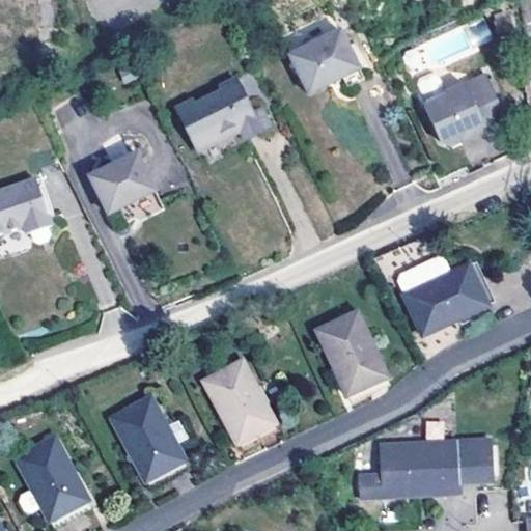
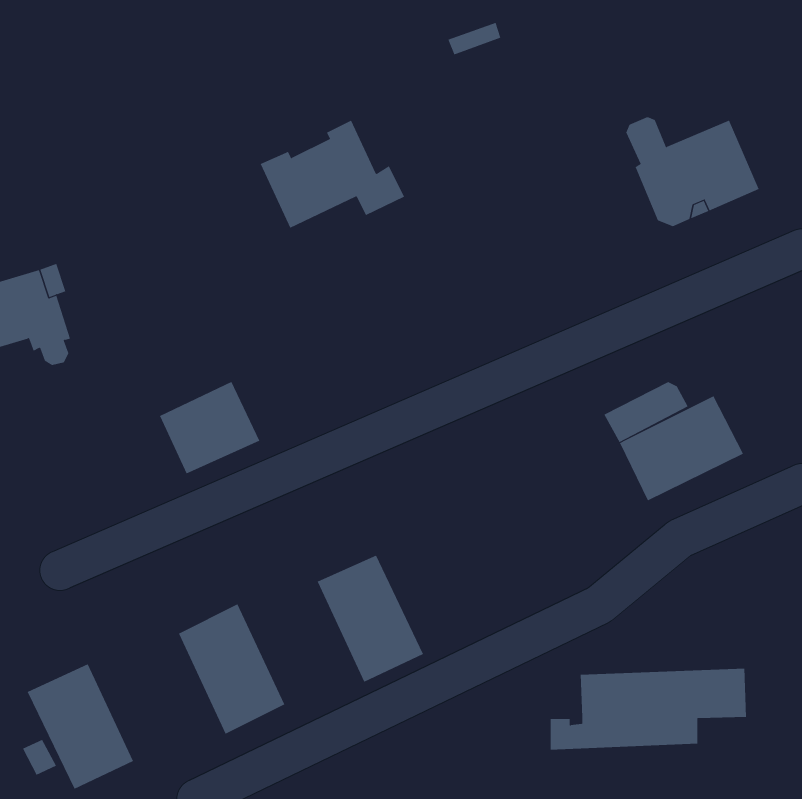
building: [281,30,356,94] -> none
building: [87,153,153,215] -> [159,381,260,474]
building: [317,311,388,393] -> none

